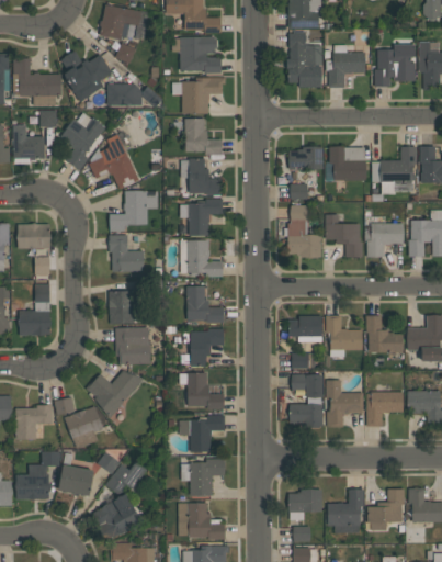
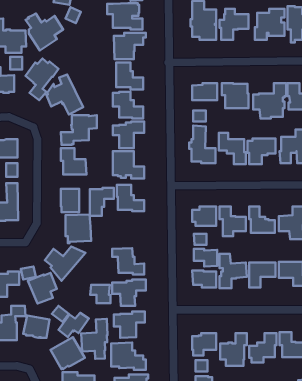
building: [106,82,141,105] -> none
building: [190,328,223,367] -> [90,188,114,216]
building: none -> [90,285,111,303]
building: none -> [81,319,108,359]

